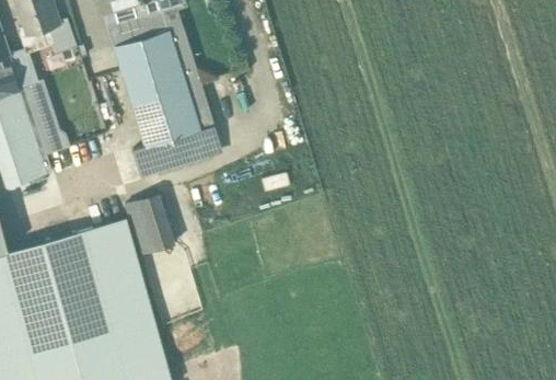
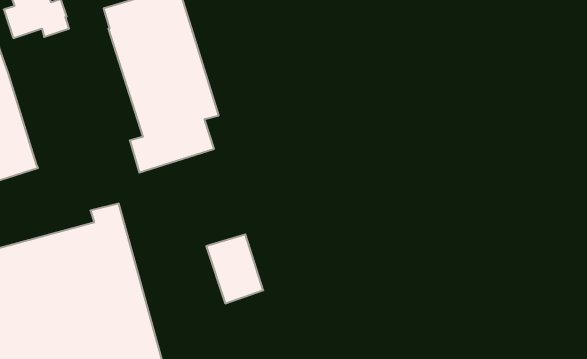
building: [21,81,69,156] -> none
building: [124,193,176,256] -> [206,234,263,303]

